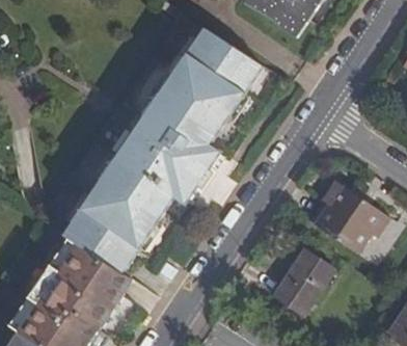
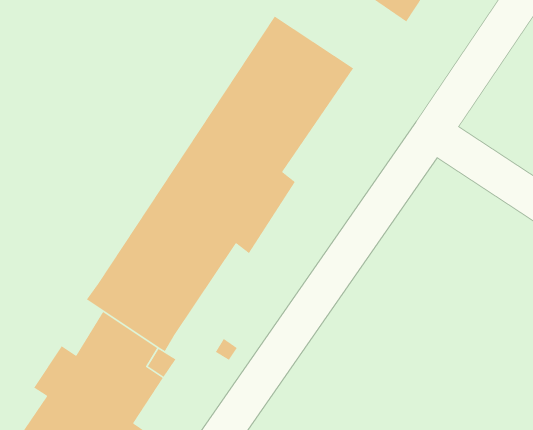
building: [309,184,383,256] -> none
building: [272,249,332,317] -> none

